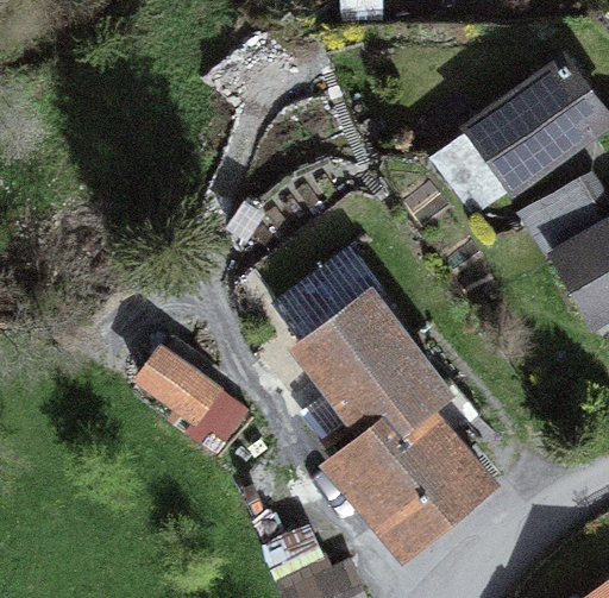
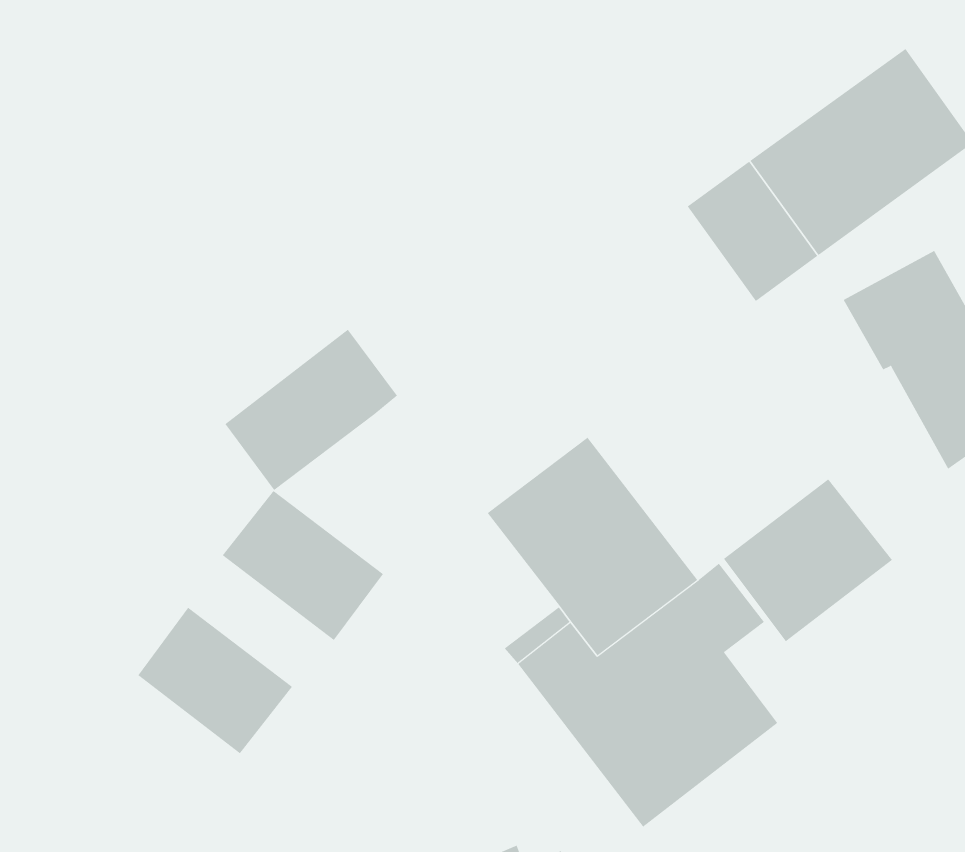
building: [274,257,382,358] -> [224,329,398,491]
building: none -> [723,478,893,642]
building: none -> [137,607,293,754]

